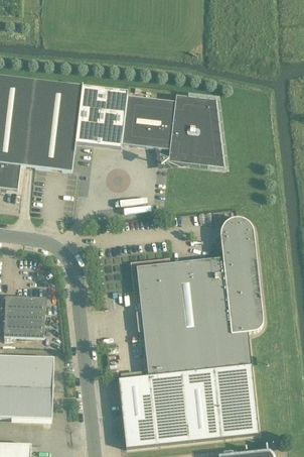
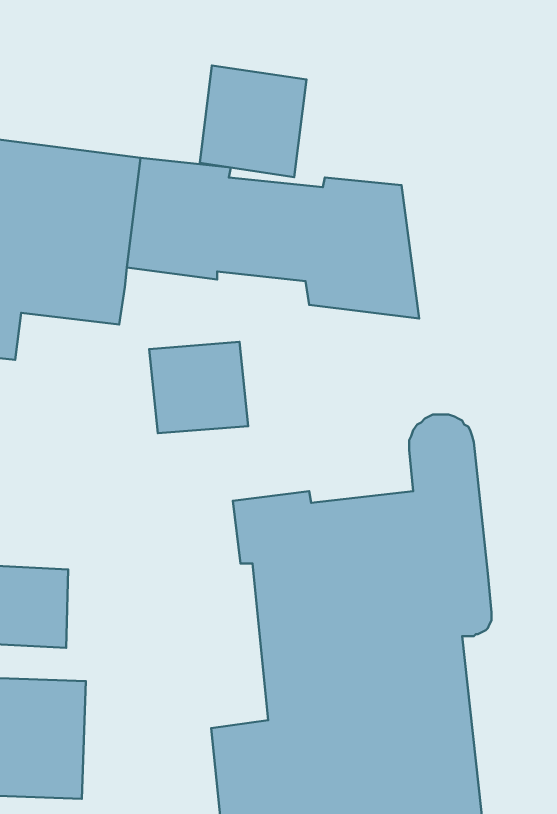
building: none -> [200,65,306,177]
building: none -> [149,342,248,433]

